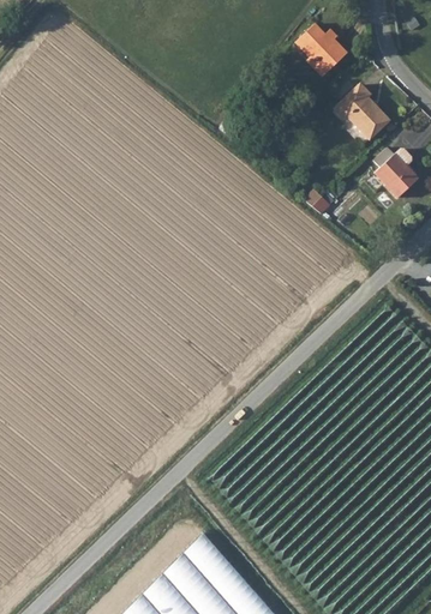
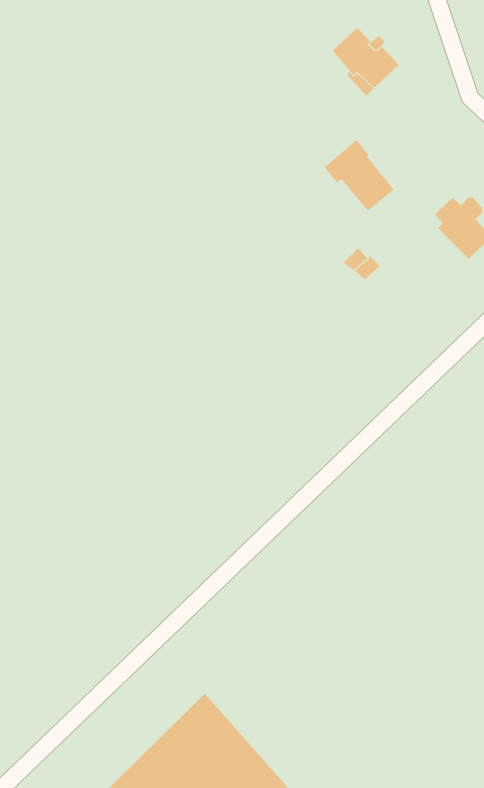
building: [337,85,391,140] -> [324,139,394,211]

